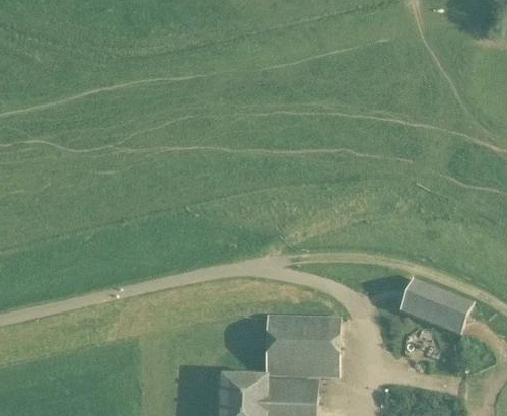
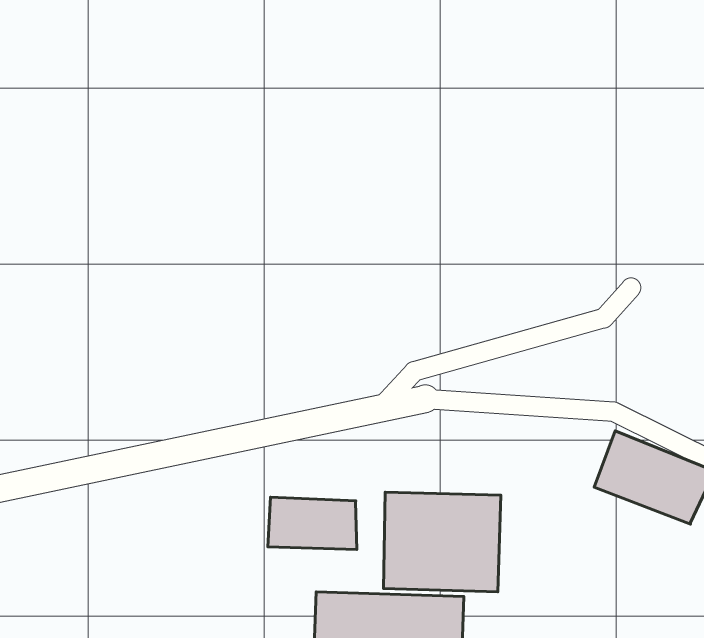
building: none -> [268,497,357,549]

